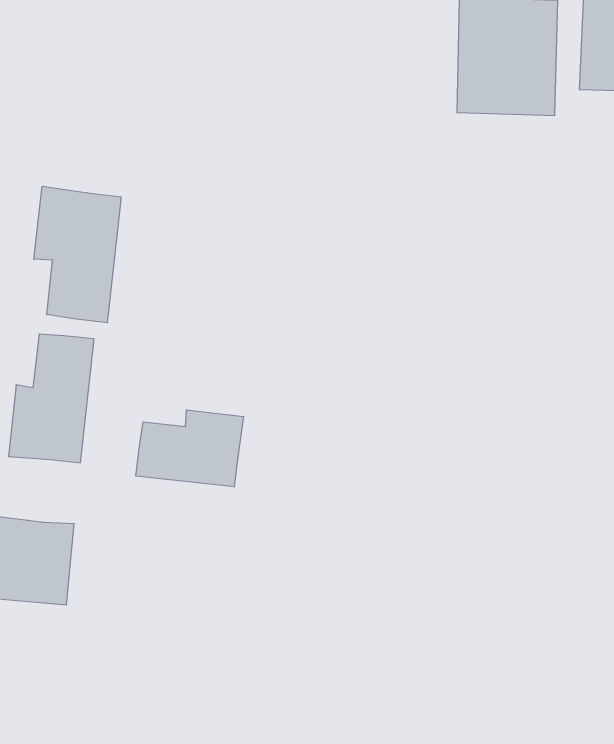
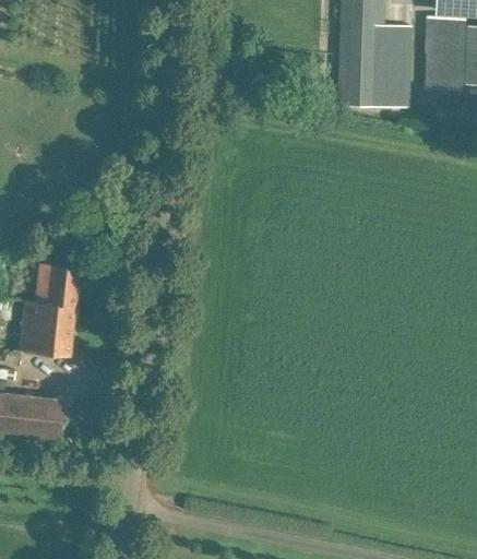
building: [34,186,121,323] -> none
building: [136,410,244,487] -> none

